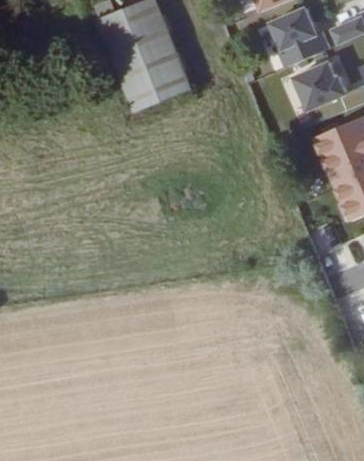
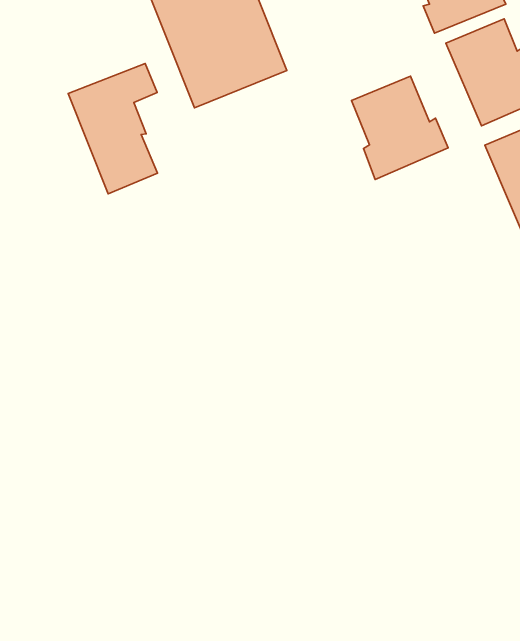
building: none -> [68,64,158,194]
building: none -> [352,76,448,179]

